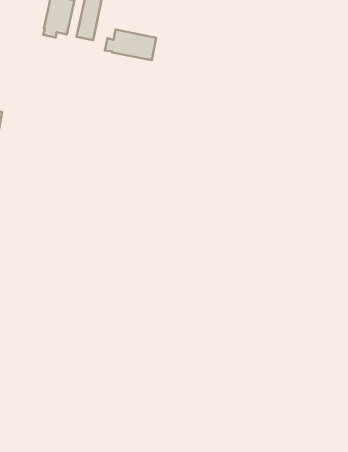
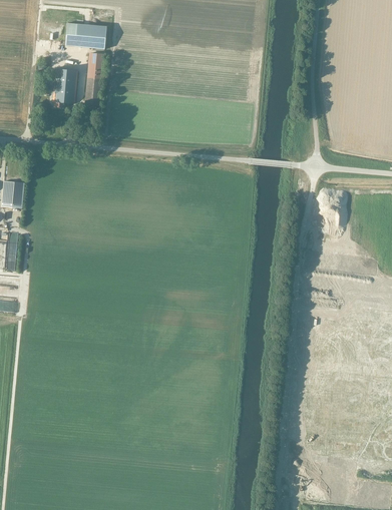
building: [105,29,156,60] -> none

